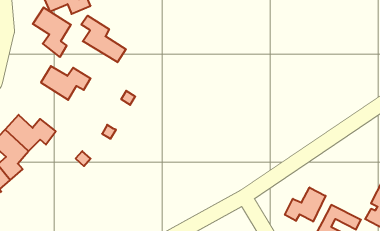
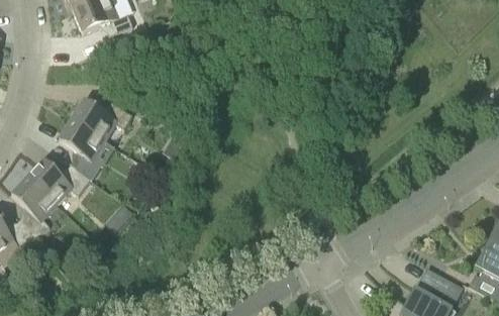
building: [33,7,71,57] -> [59,119,105,180]
building: [81,16,126,62] -> none
building: [285,187,326,222] -> none

